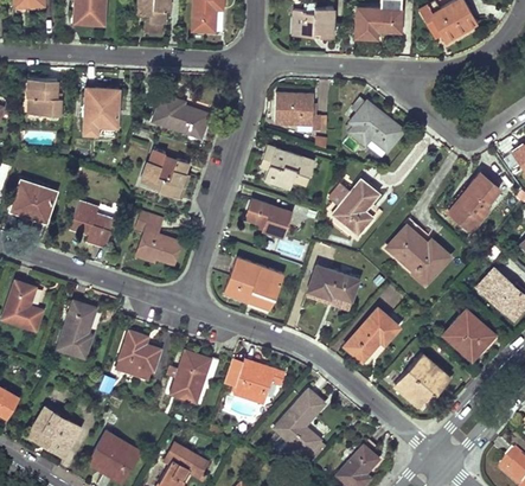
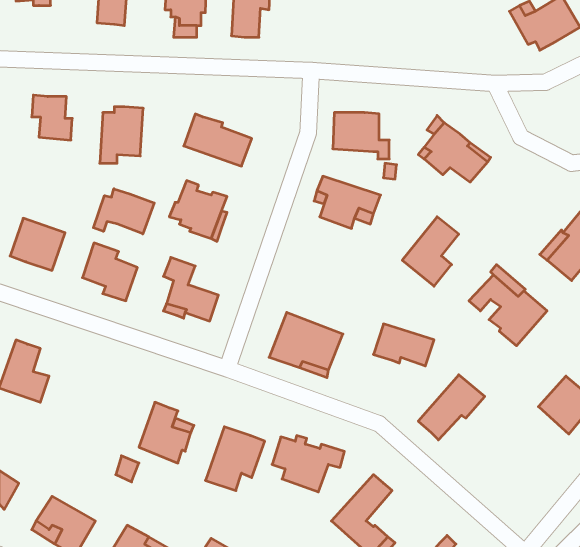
building: [294,8,334,38] -> none
building: [357,8,402,39] -> none
building: none -> [93,189,154,234]
building: [245,200,292,237] -> none
building: [58,300,96,358] -> none
building: [395,353,449,405] -> none

